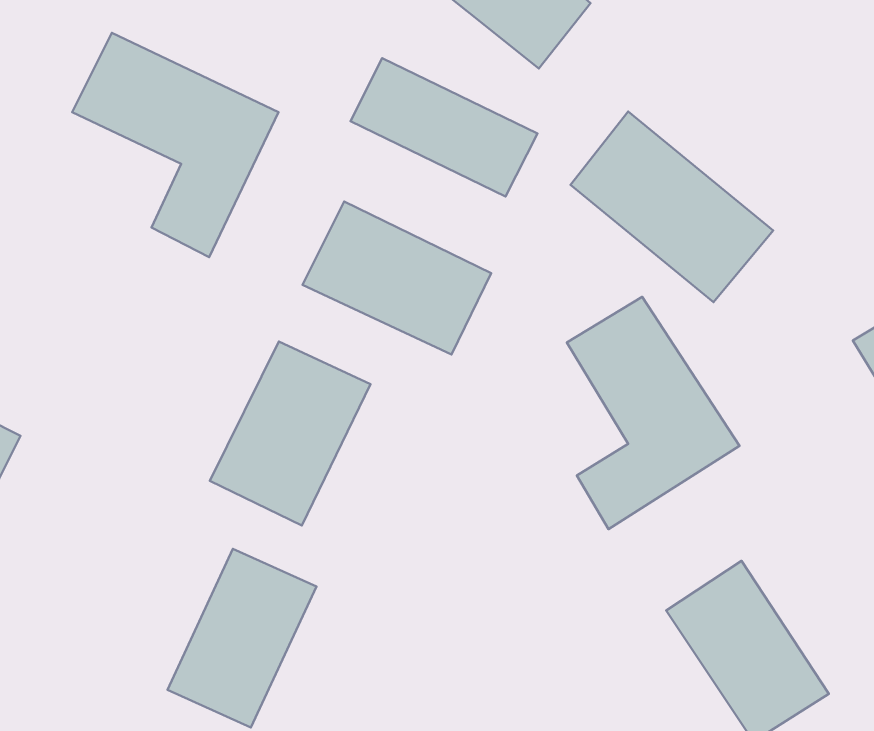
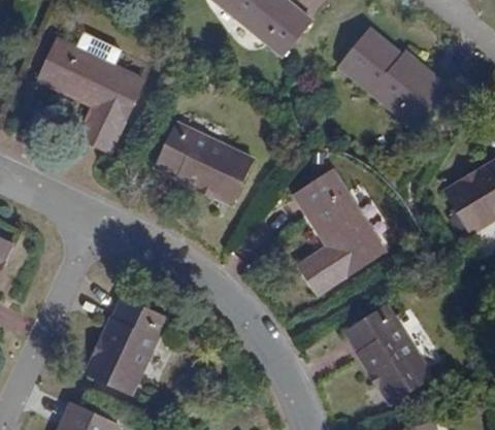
building: [350,58,537,197] -> none
building: [571,112,773,302] -> [340,37,446,136]
building: [210,341,371,526] -> none

